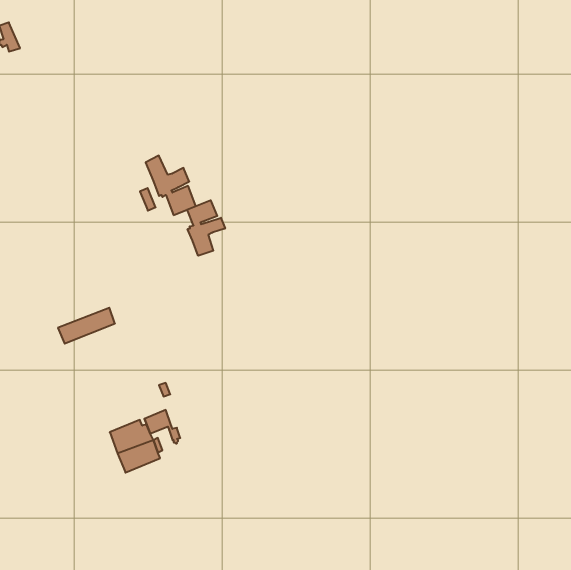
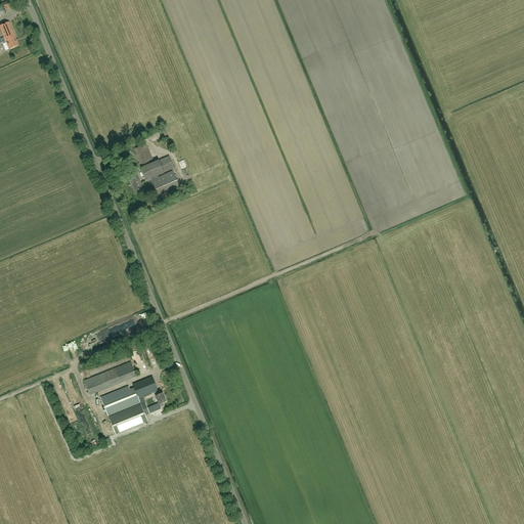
building: [187,200,225,256] -> none
building: [58,308,115,344] -> [83,360,135,393]

